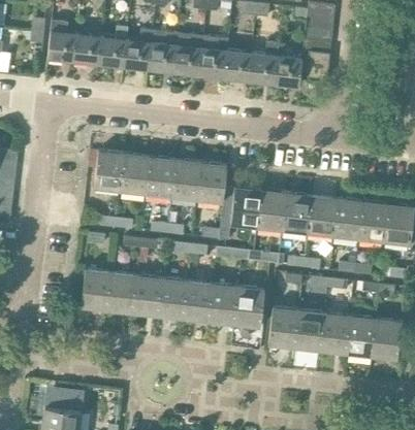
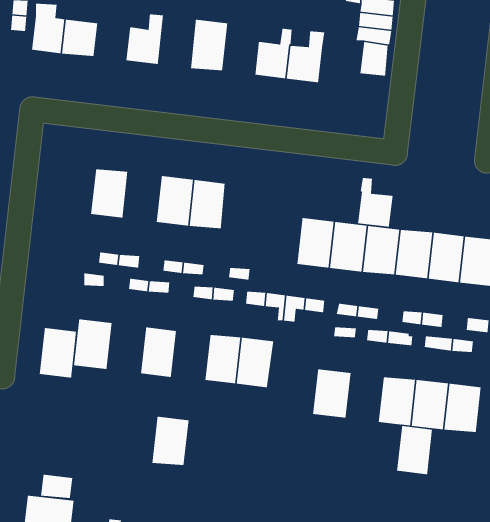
building: [97,28,128,67] -> none
building: [148,31,177,73] -> none
building: [198,37,228,78] -> none
building: [274,57,301,87] -> none
building: [120,154,150,194] -> none
building: none -> [357,177,394,228]
building: [197,163,226,202] -> none
building: [230,187,260,227] -> none
building: [107,272,137,312] -> [39,327,77,378]
building: [158,278,188,318] -> [151,416,190,466]
building: [233,287,264,327] -> none
building: [295,311,324,351] -> [396,425,433,475]

